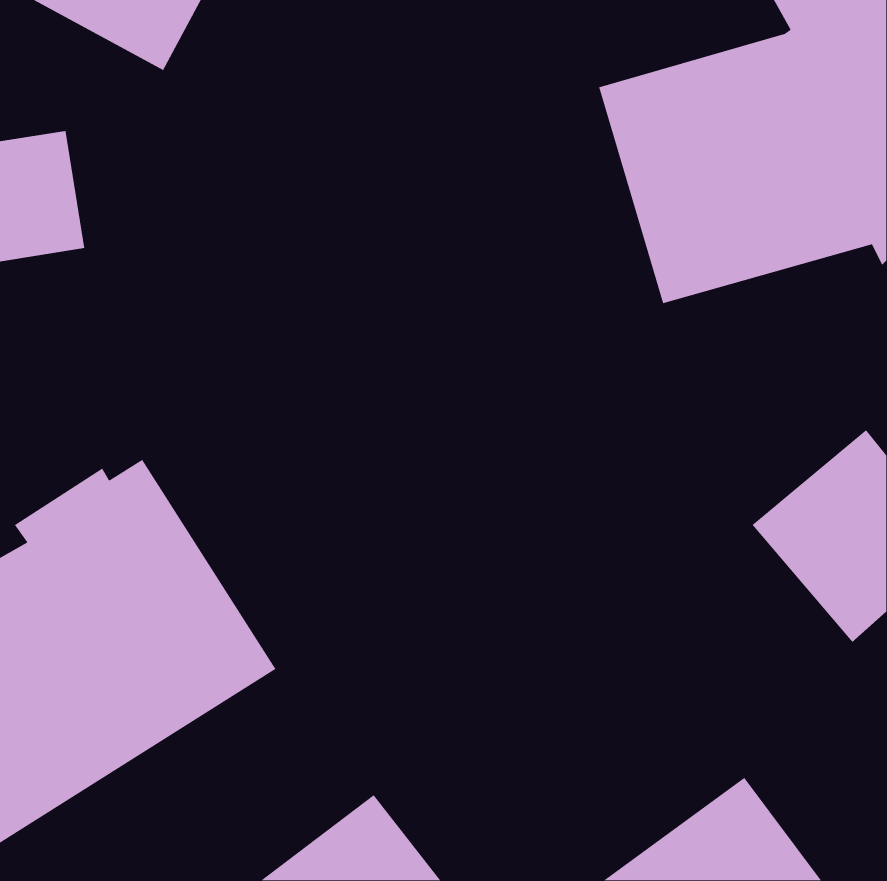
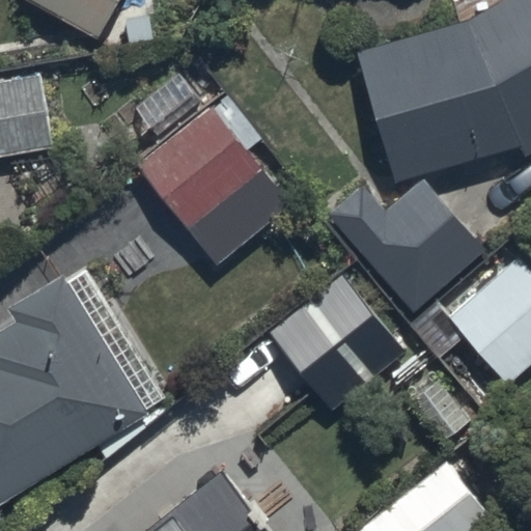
building: none -> [138,91,290,264]
building: none -> [326,178,485,311]
building: none -> [272,276,403,411]

